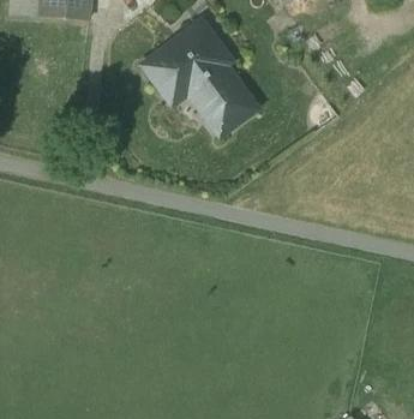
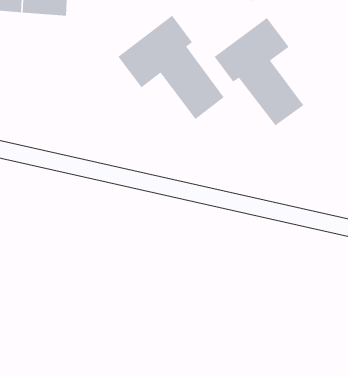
building: none -> [214,17,304,126]

